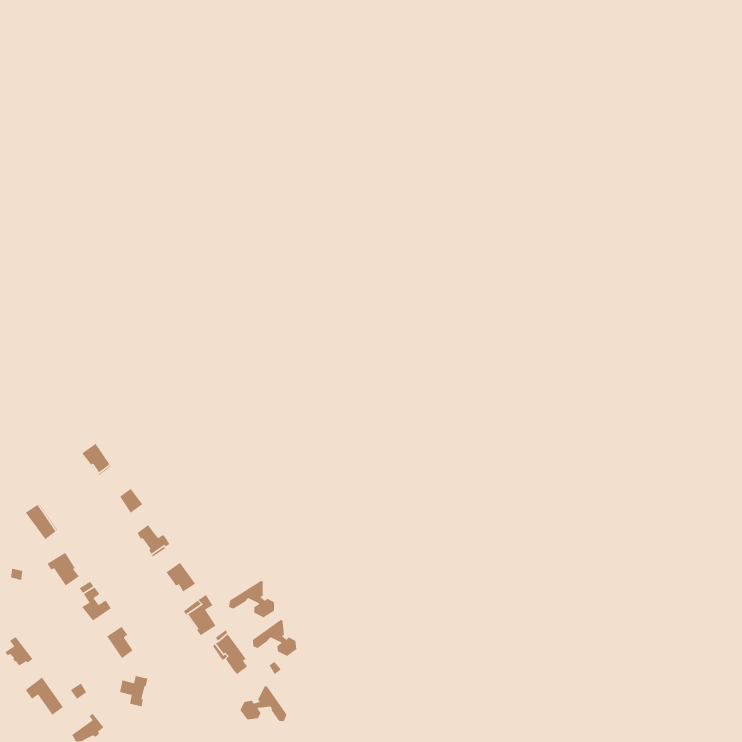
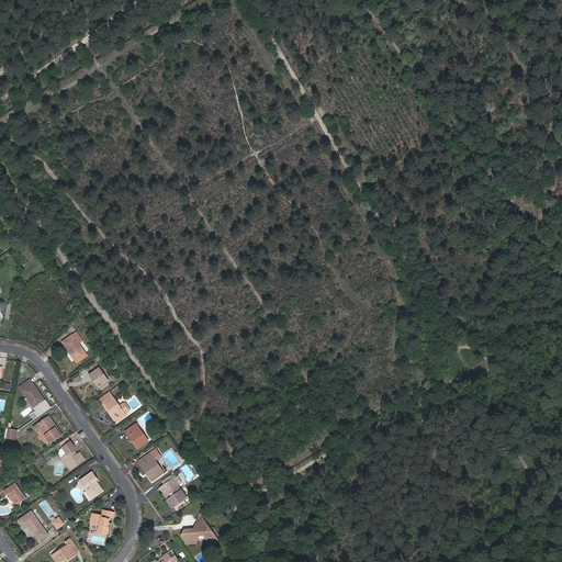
building: [228,580,275,618] -> none
building: [252,619,297,657] -> none

